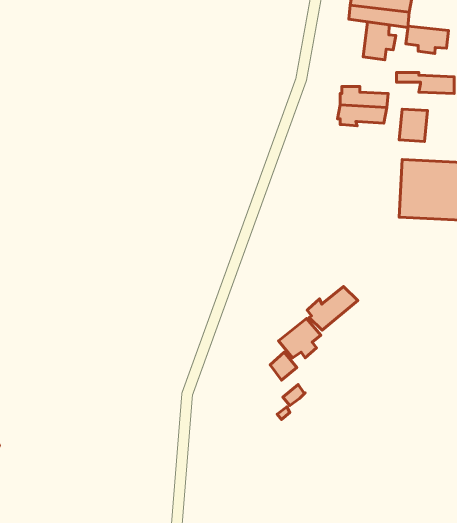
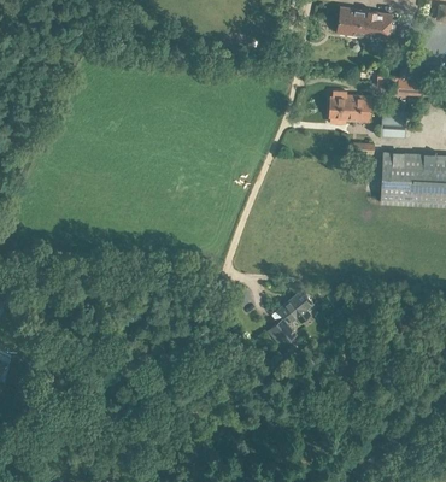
building: [363,22,396,60] -> none
building: [406,26,449,53] -> none
building: [307,286,358,330] -> none

